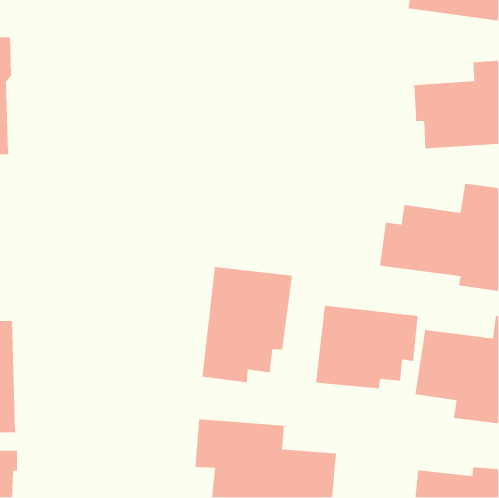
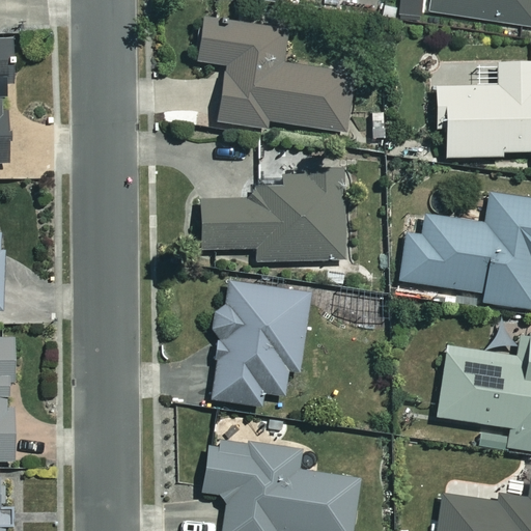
building: none -> [199,19,353,132]
building: none -> [202,171,344,262]
building: [315,305,419,389] -> none

